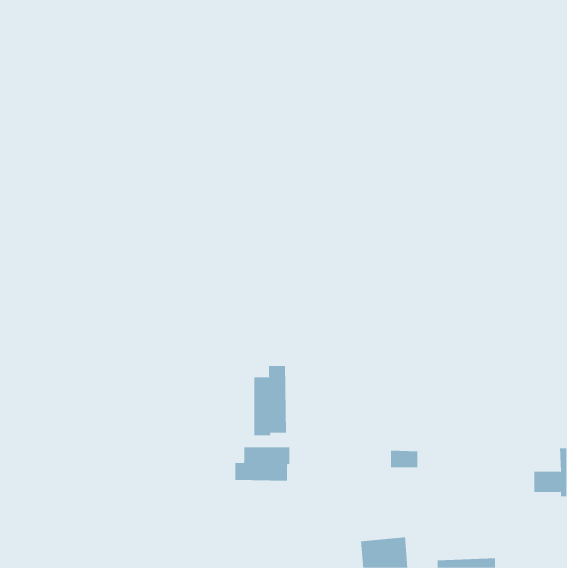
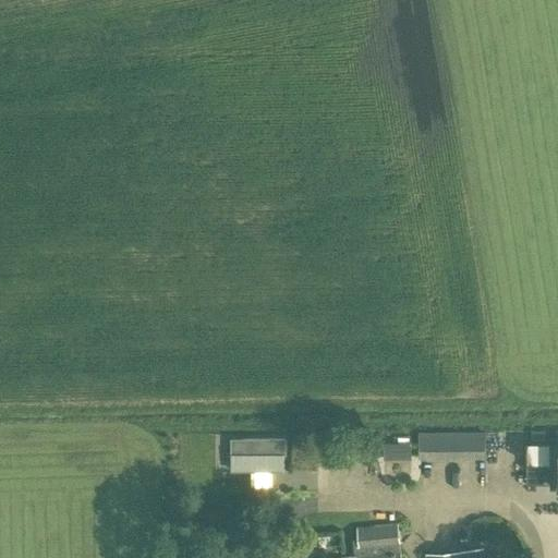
building: [254,365,287,436] -> none
building: none -> [417,433,483,459]

